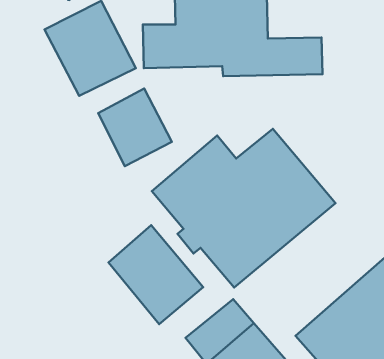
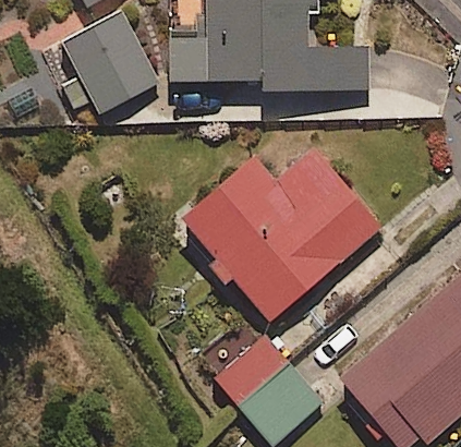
building: [98,89,172,166] -> none
building: [108,225,203,324] -> none

